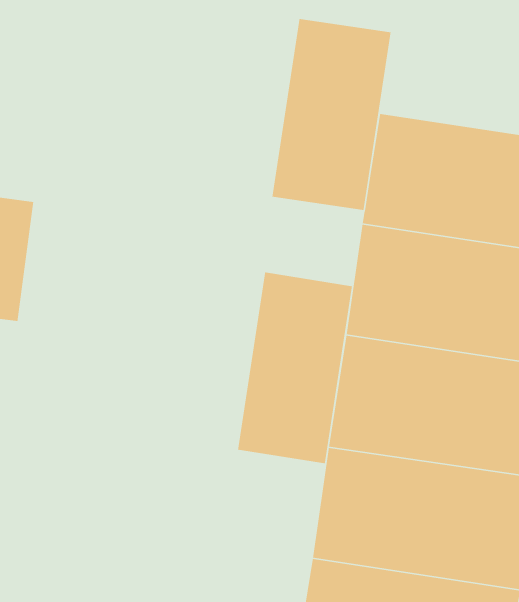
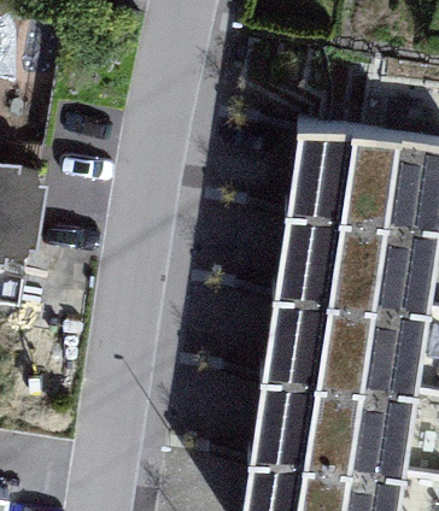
building: [272,18,391,211] -> none
building: [237,271,353,464] -> none

